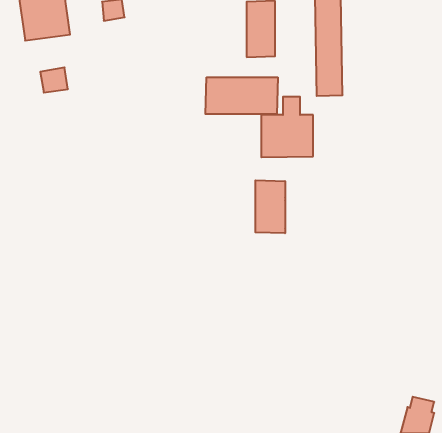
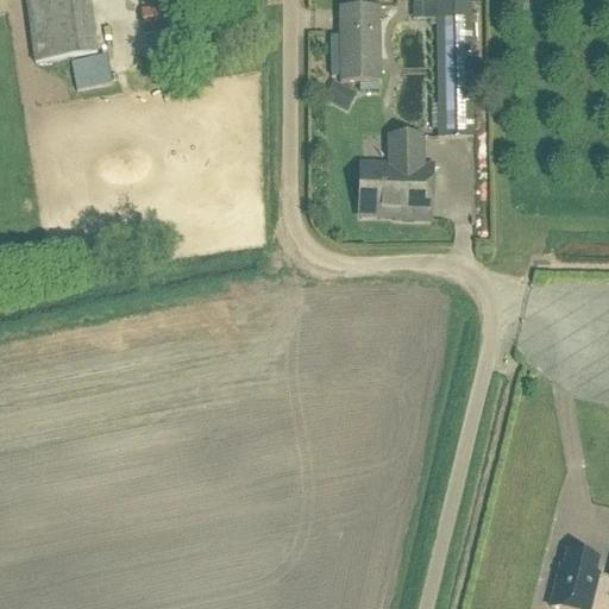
building: [40,67,68,93] -> [74,48,112,82]
building: [205,77,278,114] -> none
building: [255,180,285,233] -> none

